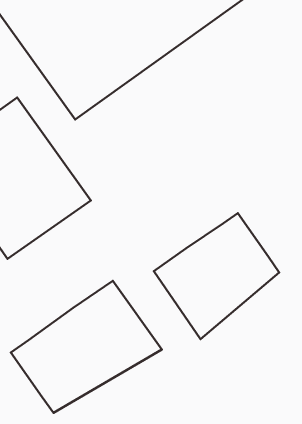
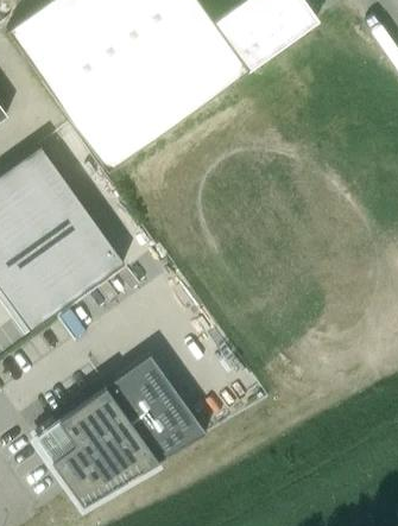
building: [154,213,279,339] -> none

